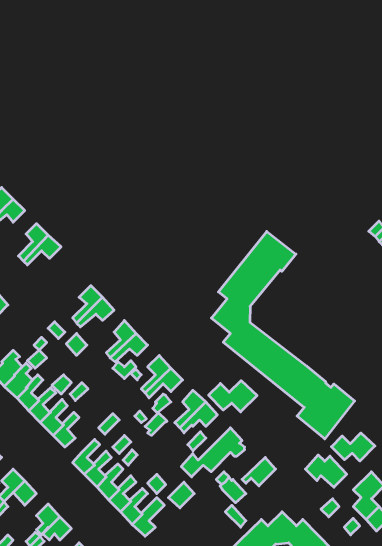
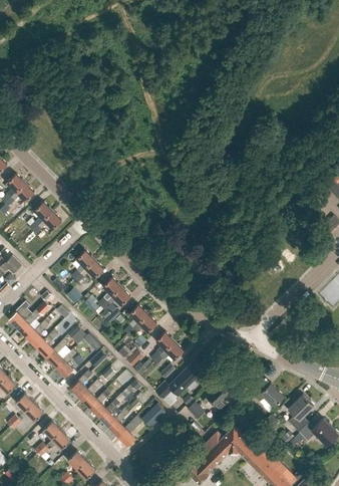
building: [211,231,355,439] -> none
building: [209,381,257,412] -> none
building: [331,433,375,461] -> none

